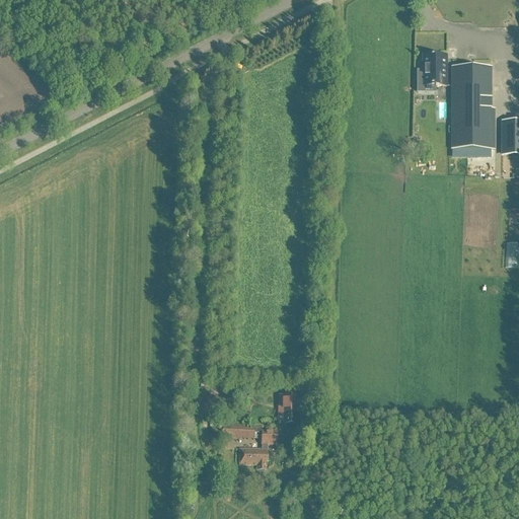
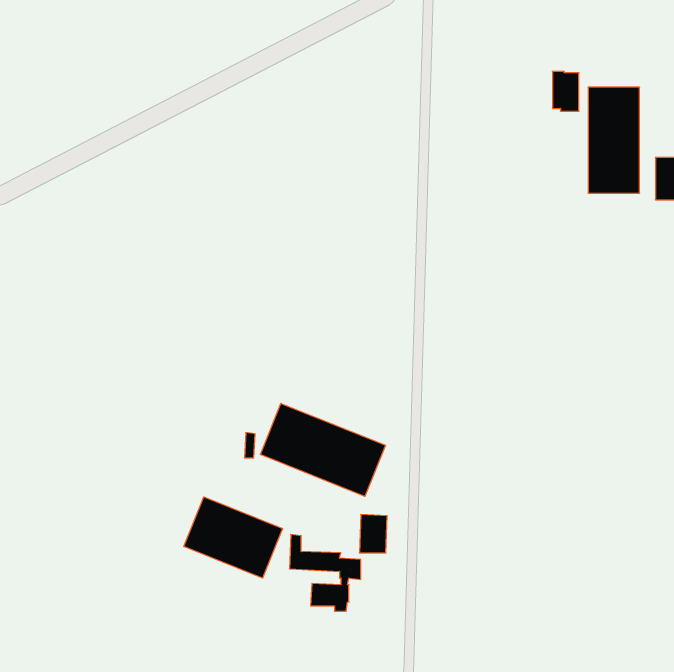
building: none -> [260,403,385,496]
building: none -> [184,497,282,578]

